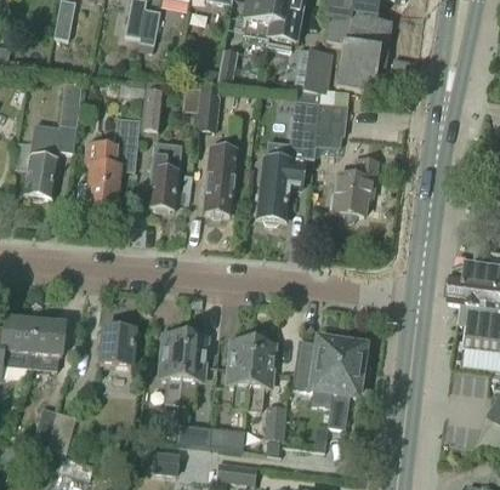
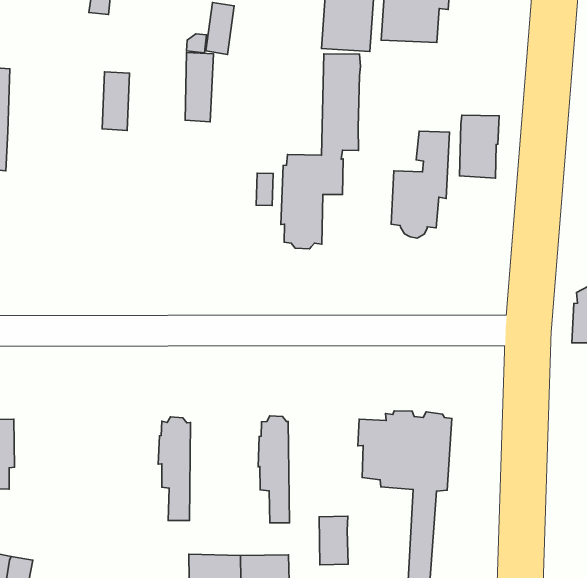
building: [316,101,346,146] -> [460,115,499,178]
building: [76,118,138,205] -> none
building: [148,141,181,209] -> none
building: [204,146,238,215] -> none
building: [100,325,135,365] -> none
building: [178,330,205,401] -> none
building: [246,336,273,409] -> none

